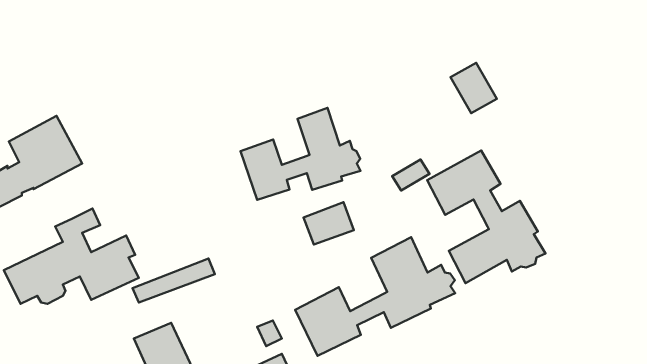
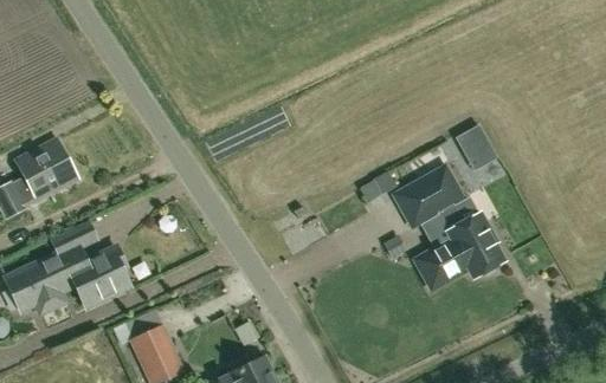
building: [450,63,497,113] -> [453,125,496,171]
building: [241,108,360,200] -> none
building: [295,237,455,356] -> none

